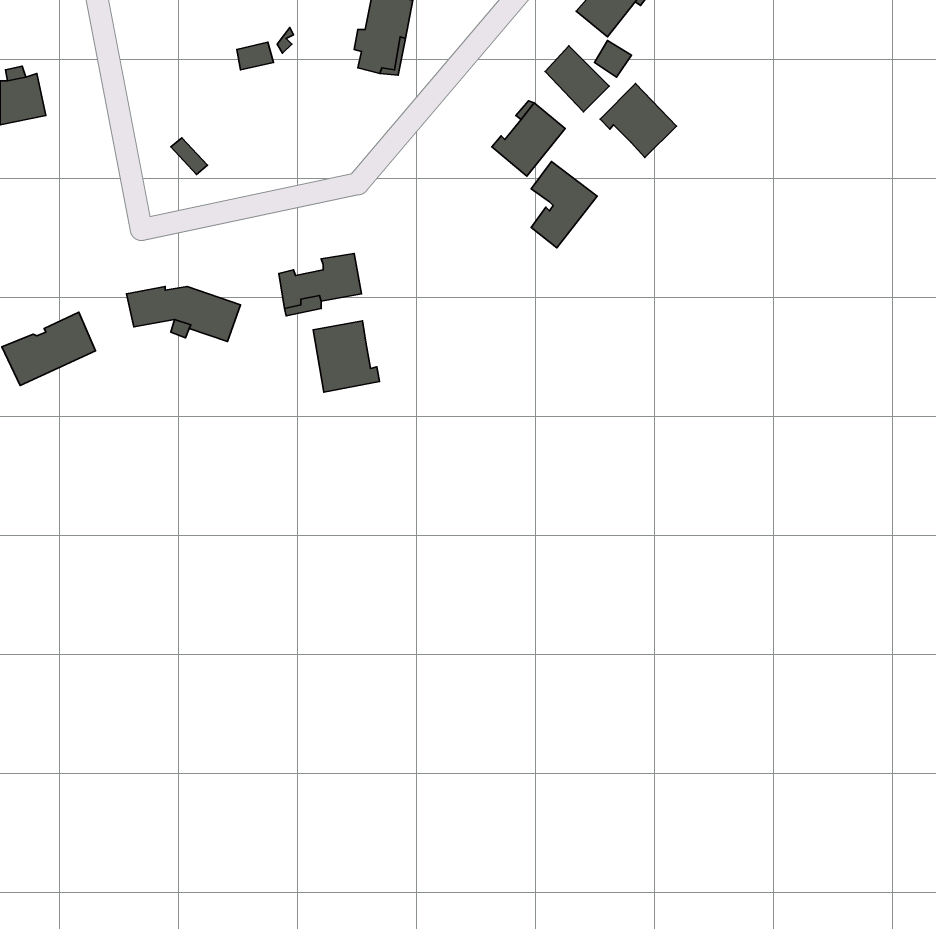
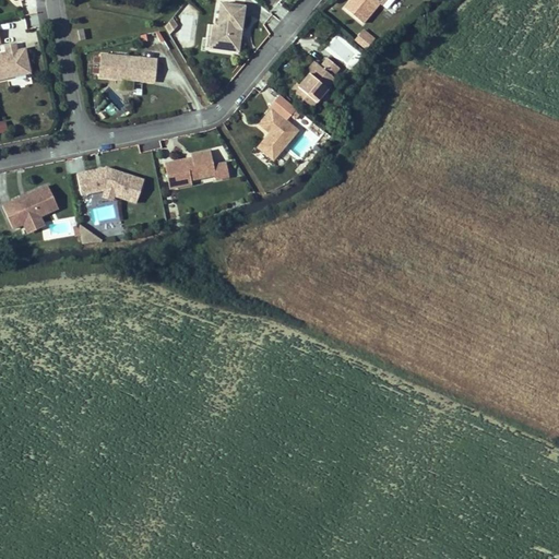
building: [600,84,676,157] -> none
building: none -> [98,53,155,80]
building: [531,161,597,248] -> [263,106,302,157]
building: [313,321,380,392] -> none

